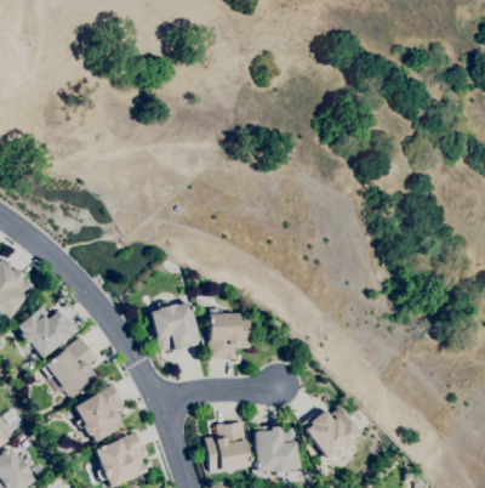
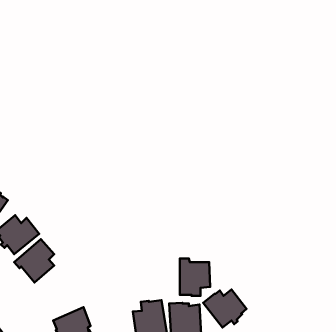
building: [150,300,201,352] -> none
building: [210,308,251,359] -> [180,259,210,296]
building: [75,384,126,442] -> none

